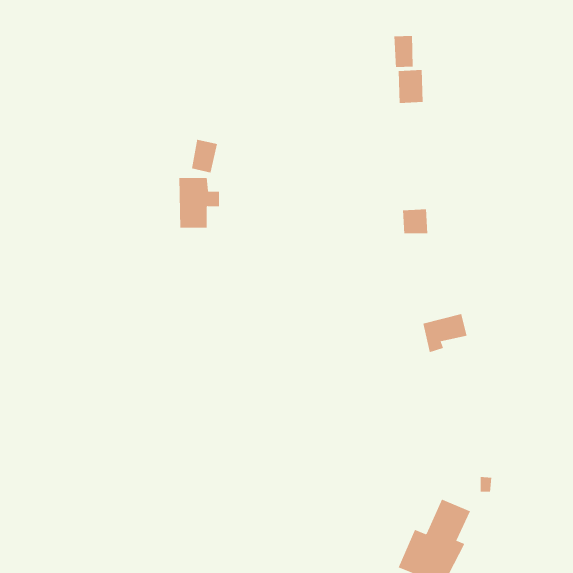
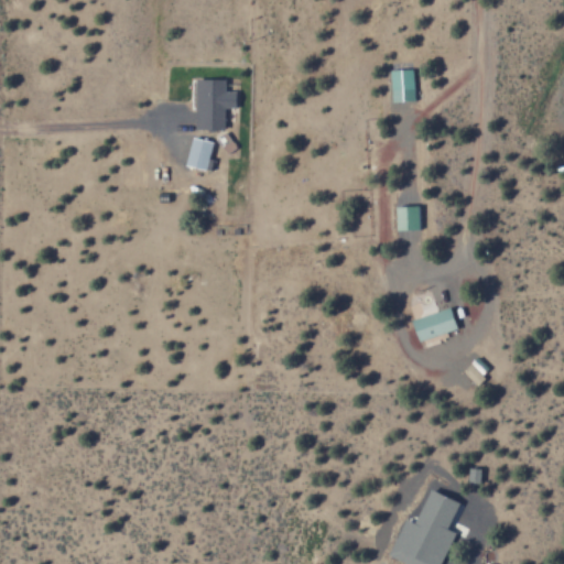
building: [394,35,413,68] -> none
building: [178,178,220,228] -> [196,79,237,129]

